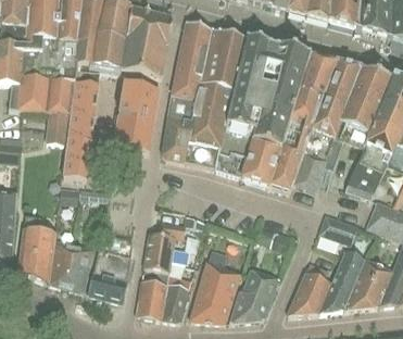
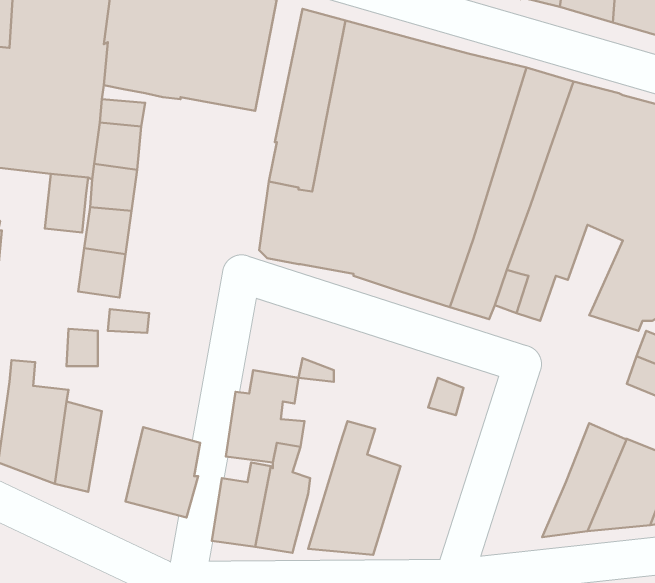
building: [113,83,159,152] -> none
building: [318,213,357,243] -> none
building: [68,242,93,291] -> none
building: [288,262,332,315] -> none
building: [230,268,279,322] -> none

